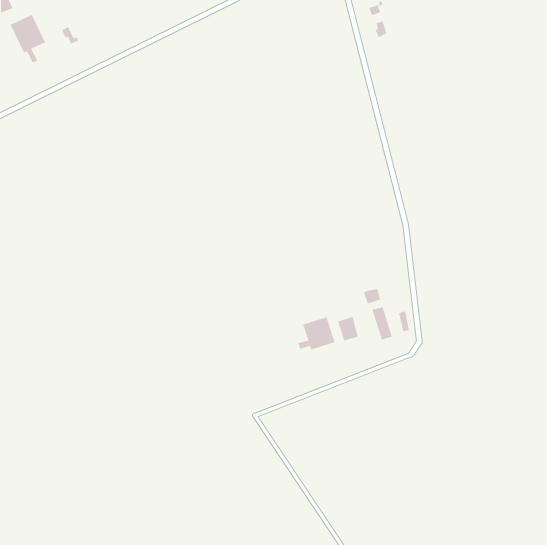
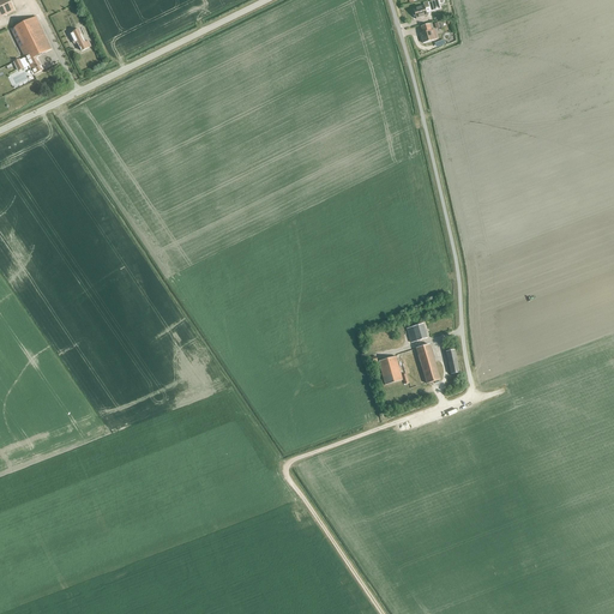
building: [297,316,336,350] -> none

